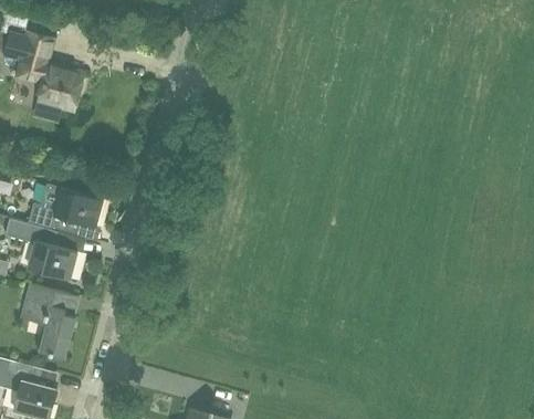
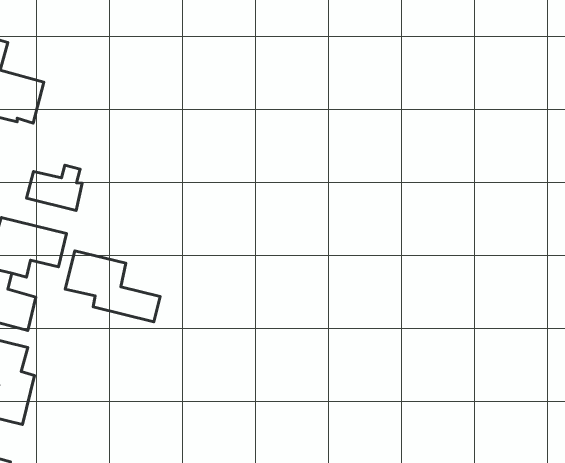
building: none -> [26,165,82,210]
building: none -> [65,251,160,322]

